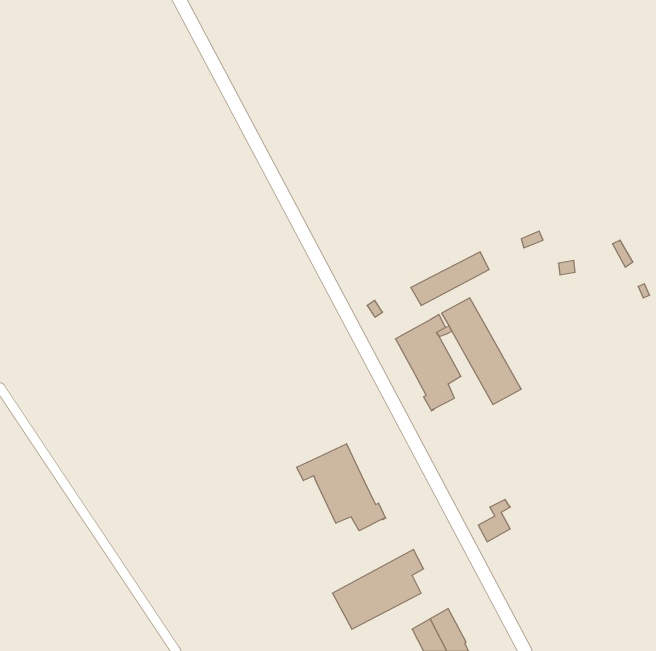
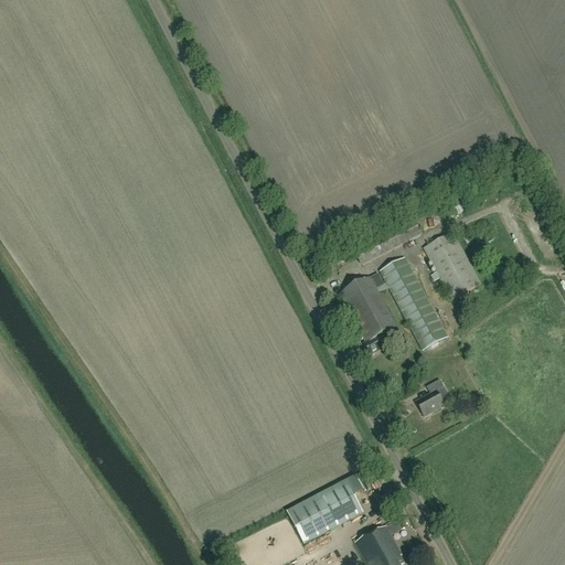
building: none -> [424,230,480,297]
building: [297,444,386,531] -> none
building: [478,499,510,542] -> [416,377,444,414]

